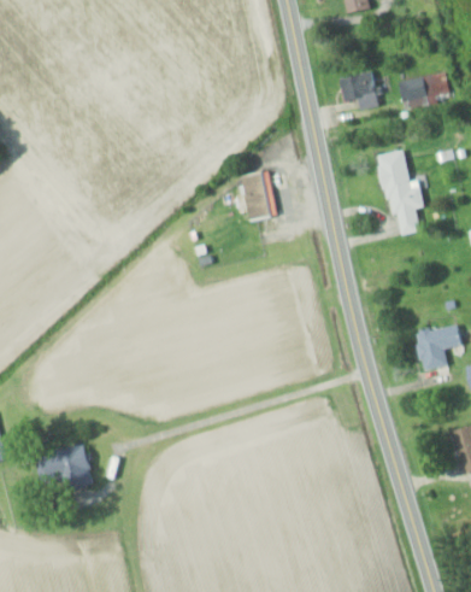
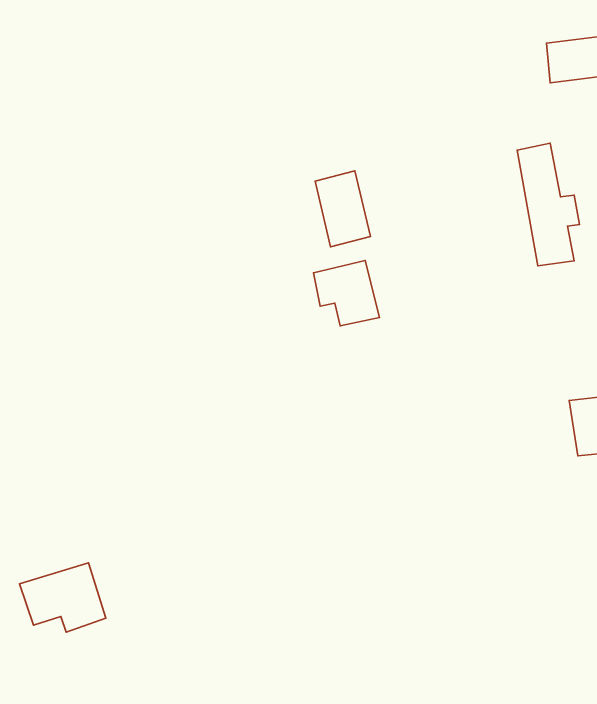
building: [340,74,376,109] -> none
building: none -> [313,260,379,326]

